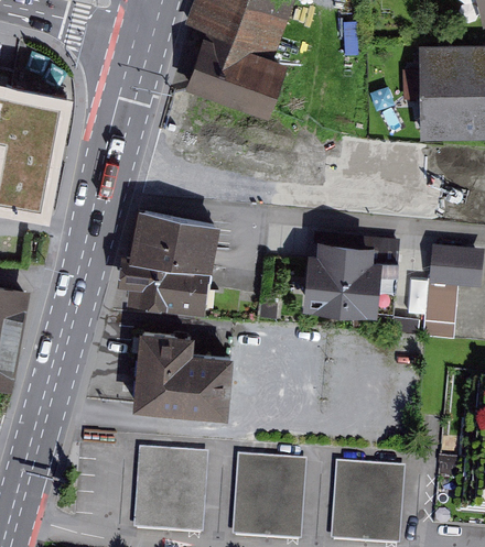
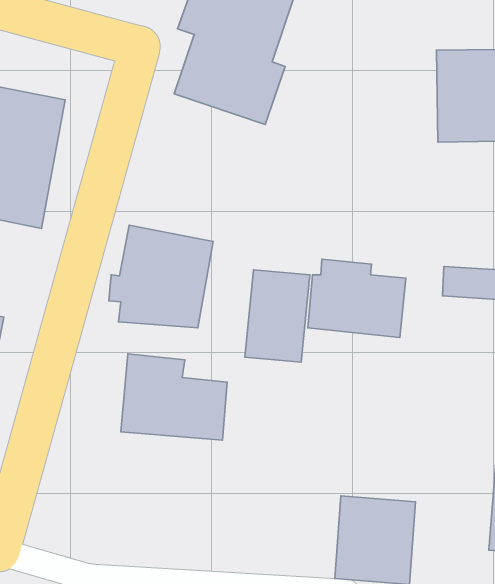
building: none -> [245,270,310,362]
building: [407,278,457,336] -> none
building: [134,449,207,533] -> none
building: [233,456,305,539] -> none

